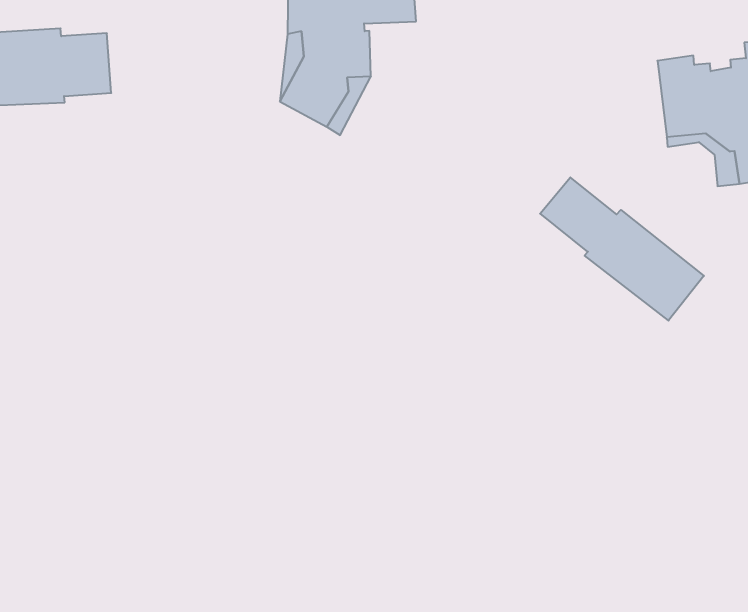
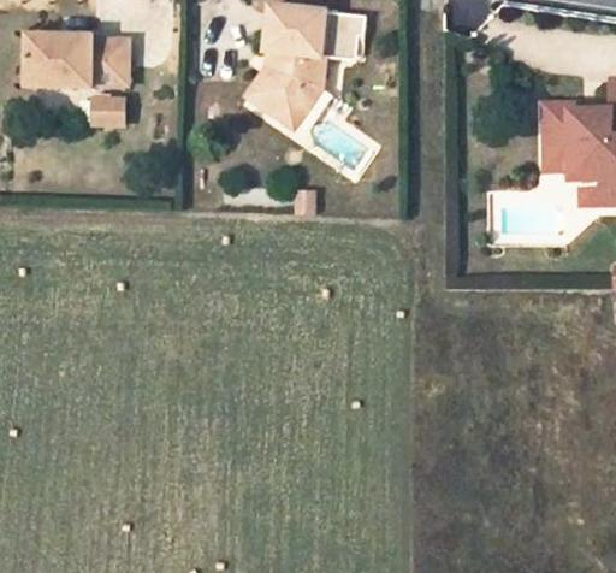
building: none -> [89,95,124,129]
building: [540,177,704,321] -> none

